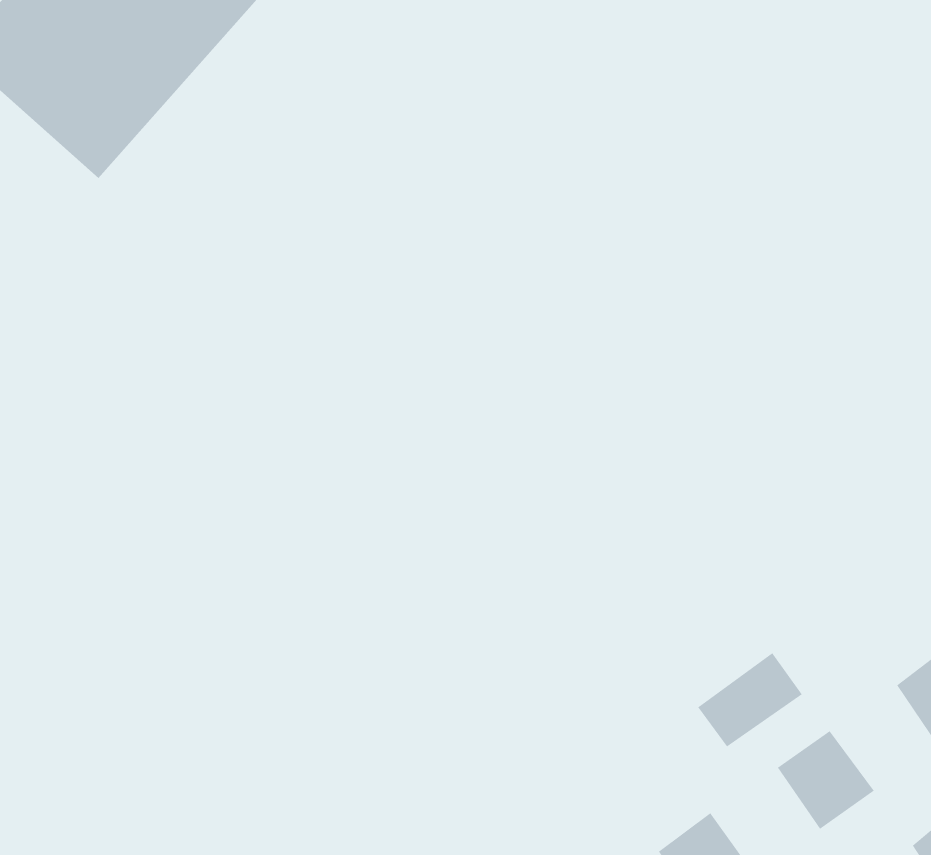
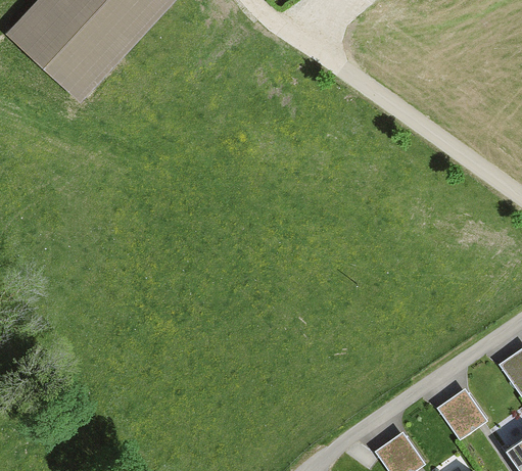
building: [697,652,803,747] -> none

